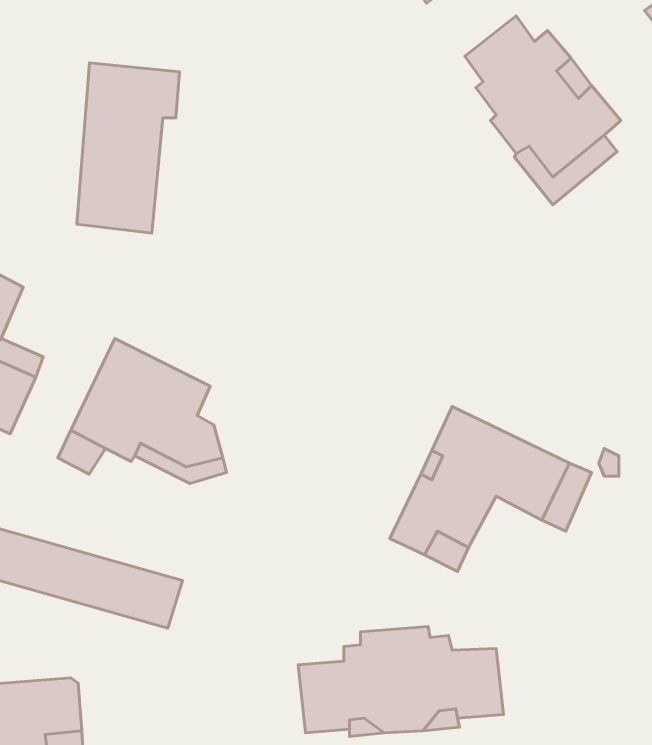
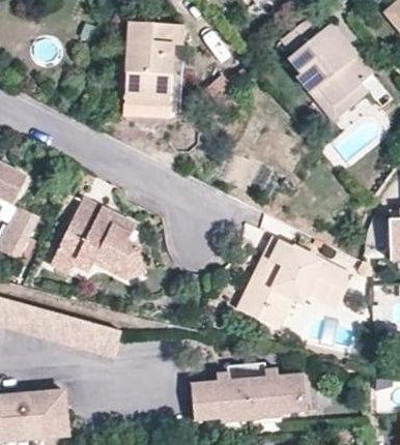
building: [77,63,179,233] -> [124,22,182,118]

